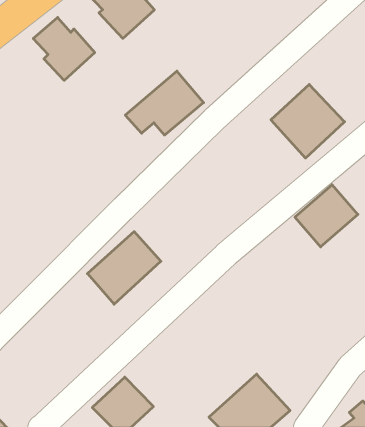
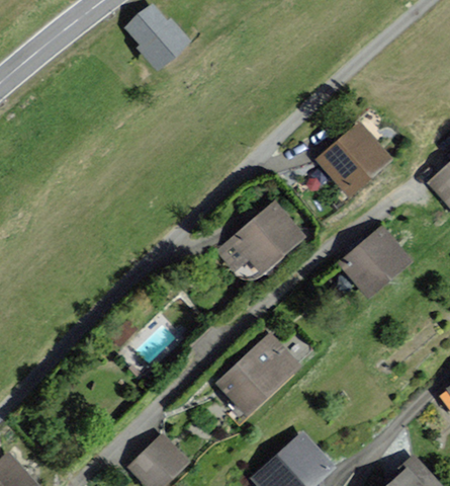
building: [33,17,95,80] -> none
building: [125,71,204,135] -> [219,202,302,270]
building: [87,232,161,304] -> [218,336,296,413]

